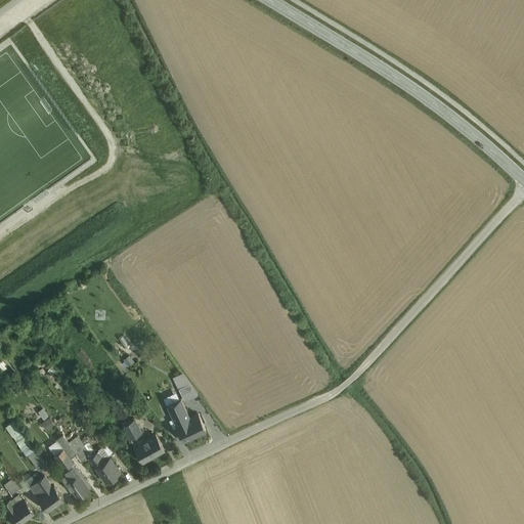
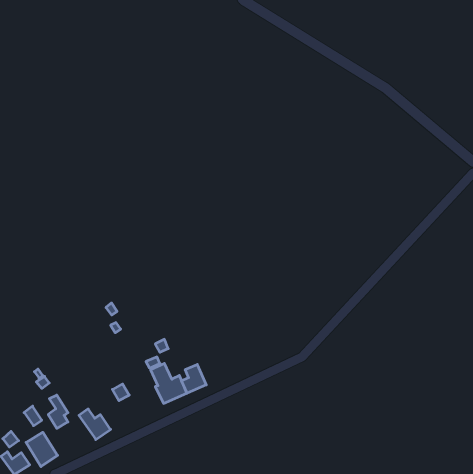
building: none -> [182,364,206,393]
building: [131,433,165,465] -> none
building: [60,465,93,498] -> none

